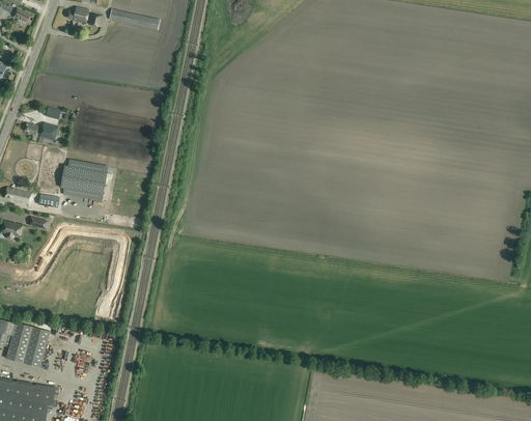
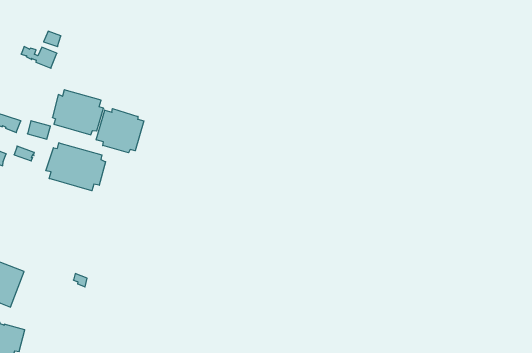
building: none -> [96,109,144,153]
building: none -> [46,143,106,191]

